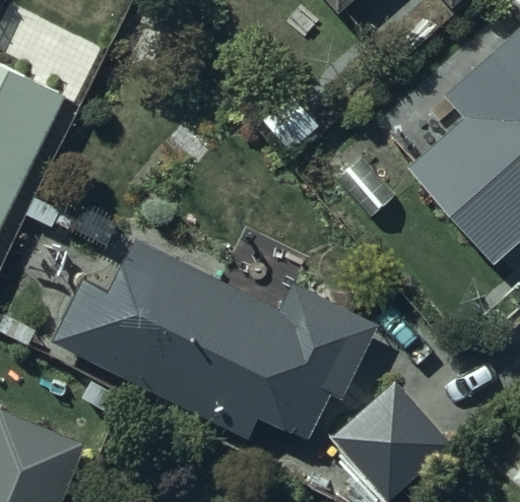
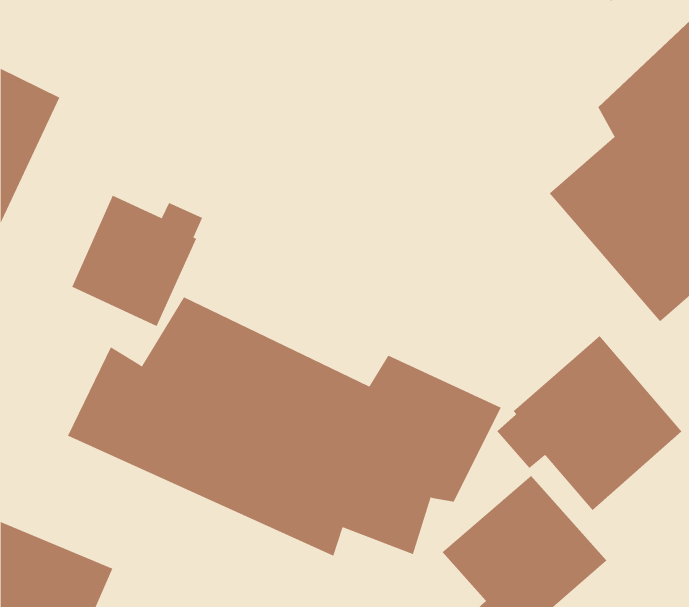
building: none -> [71,195,203,327]
building: none -> [496,335,682,511]

